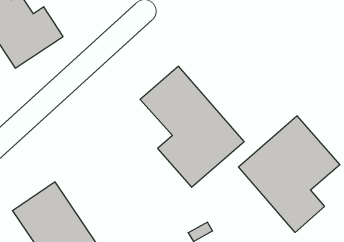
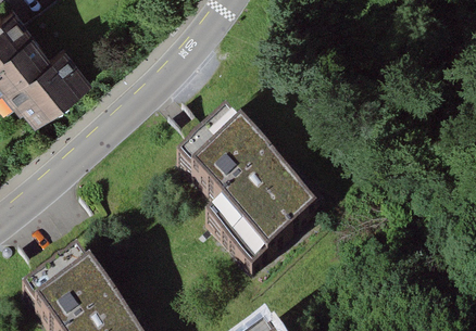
building: [238,116,340,232] -> none

